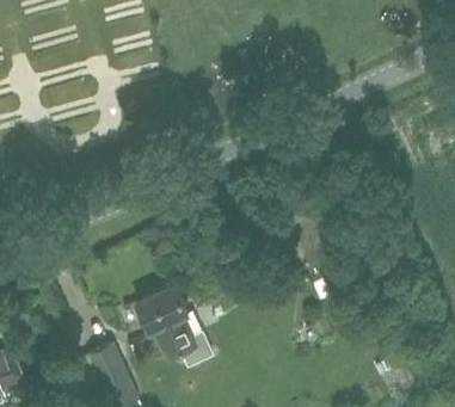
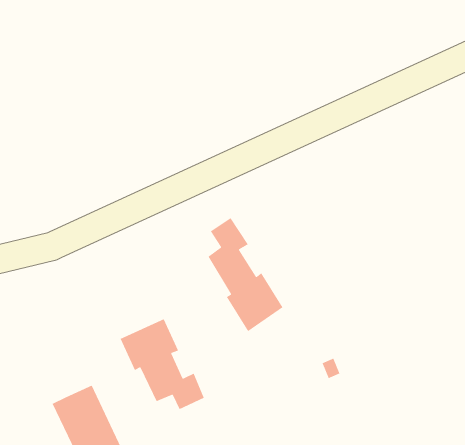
building: none -> [208,217,284,332]

